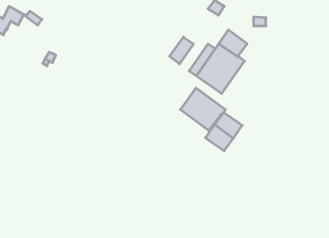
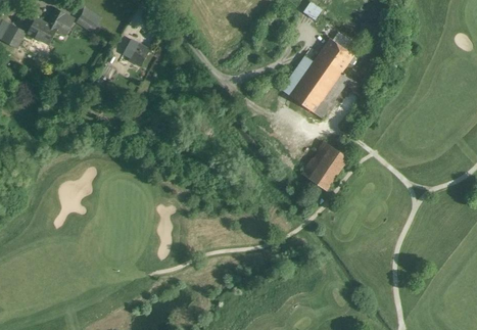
building: none -> [124,39,149,66]
building: [170,37,193,64] -> none
building: [180,88,225,131] -> none

